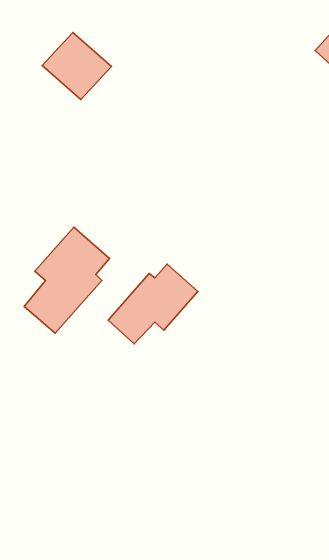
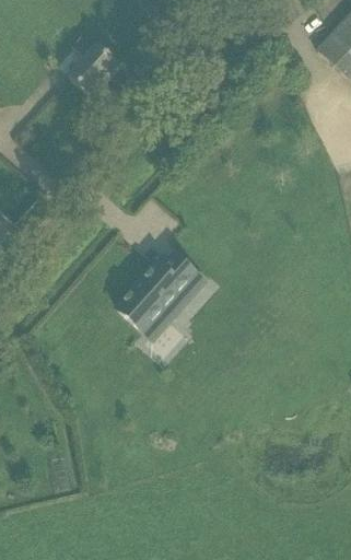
building: [24,227,109,333] -> none

